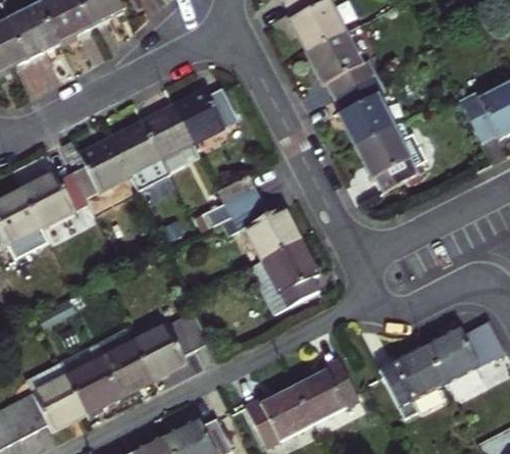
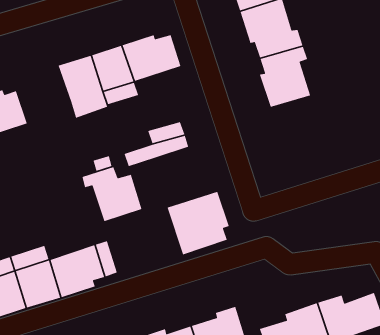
building: [345,120,416,195] -> none
building: [82,139,139,204] -> none
building: [237,201,305,260] -> [81,166,143,222]

